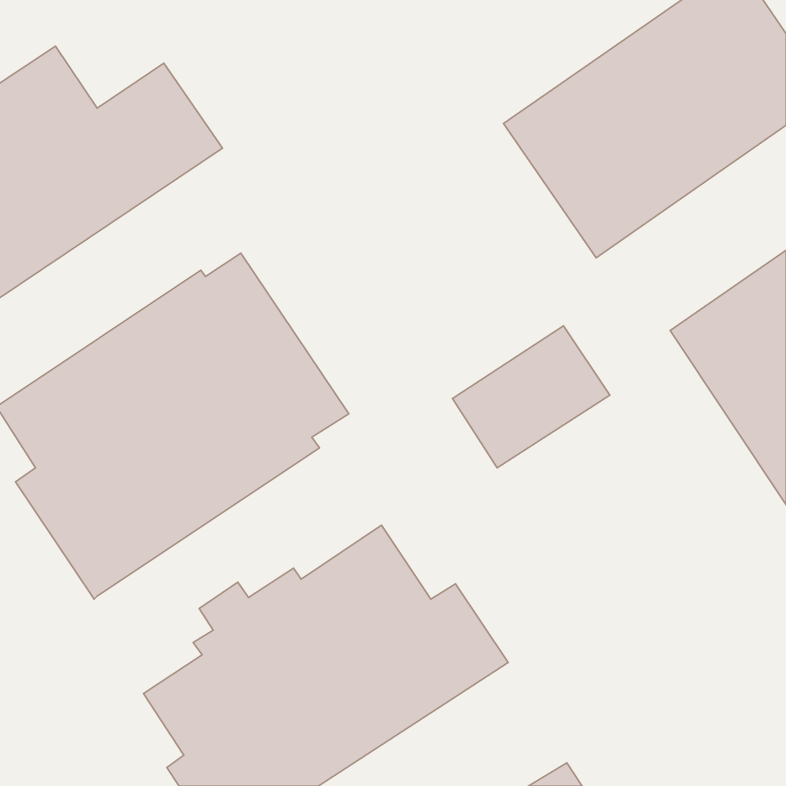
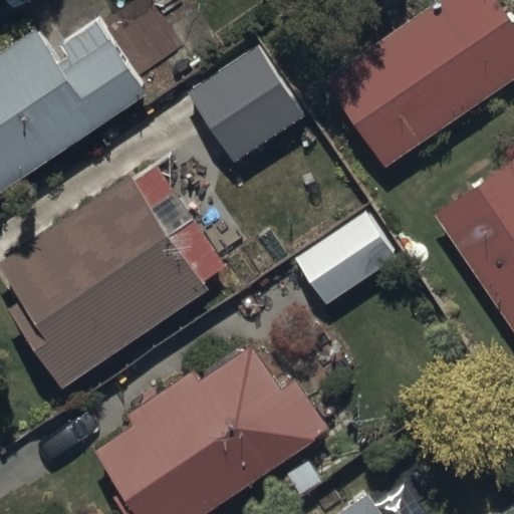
building: none -> [178,22,323,168]

